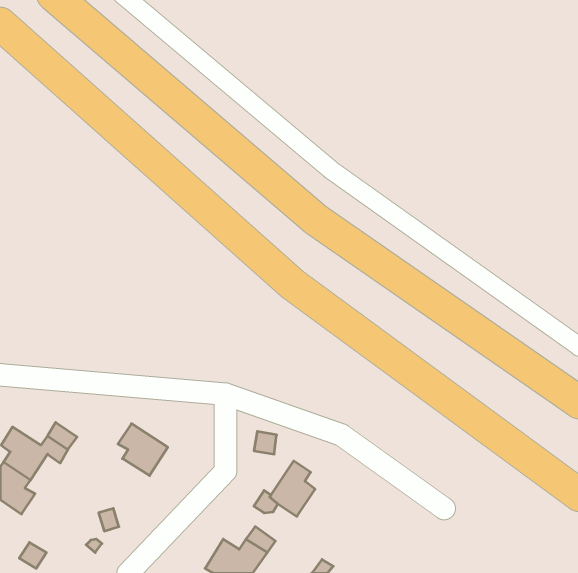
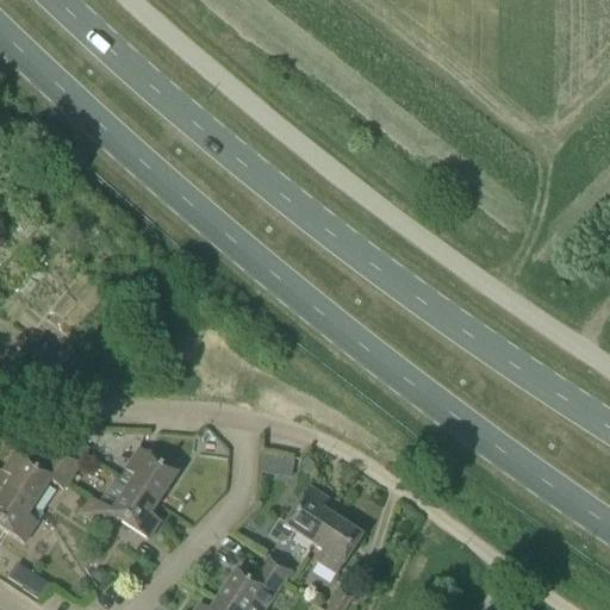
building: none -> [81,483,161,537]
building: none -> [313,515,362,572]

